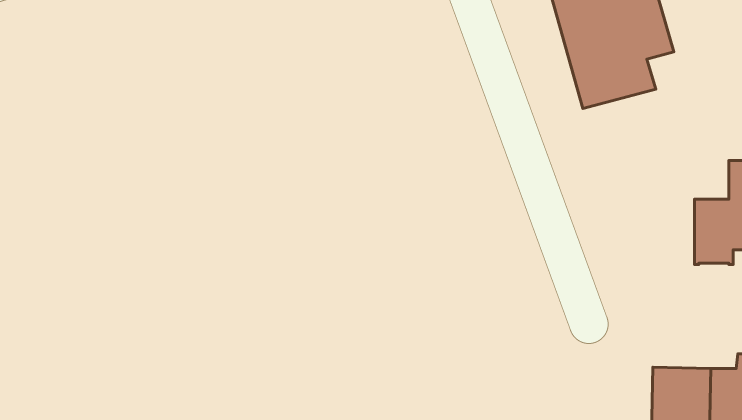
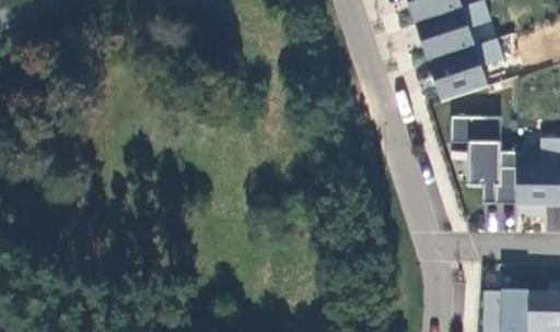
building: none -> [451,116,517,203]

